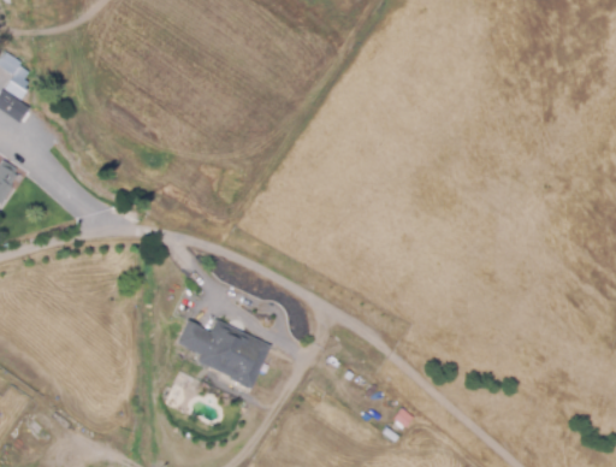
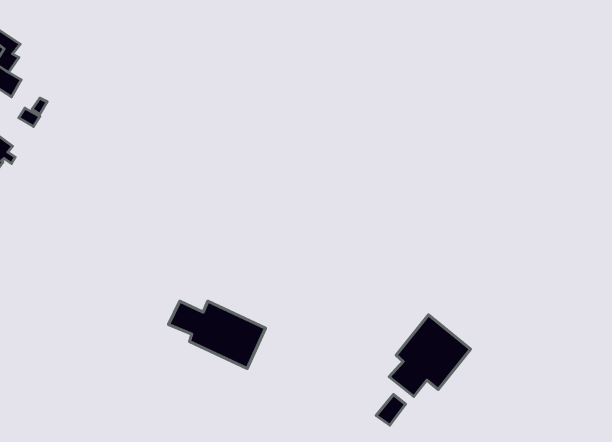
building: none -> [389,315,471,397]

